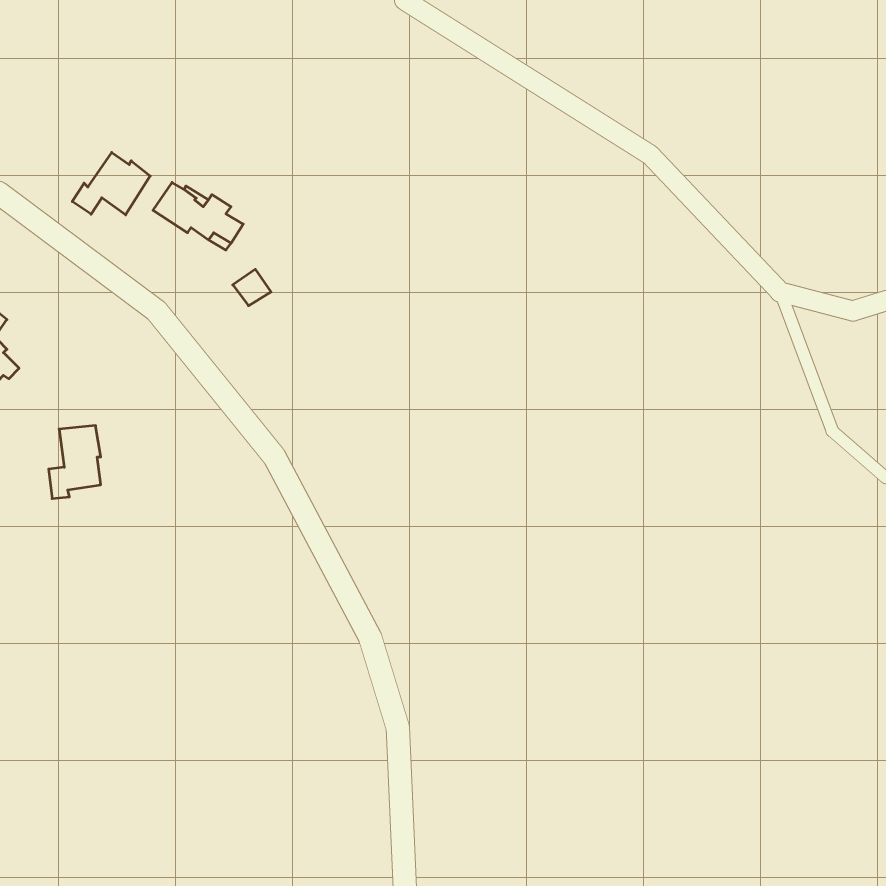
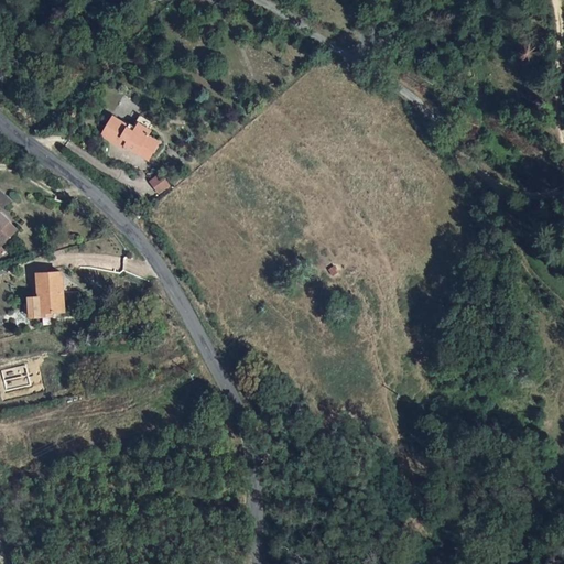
building: [72,152,150,215] -> none

